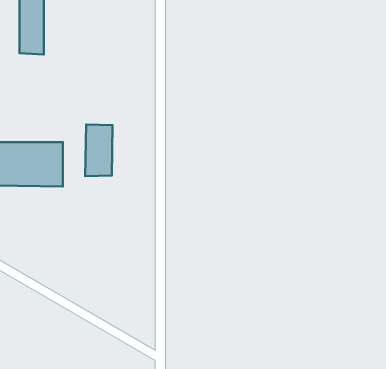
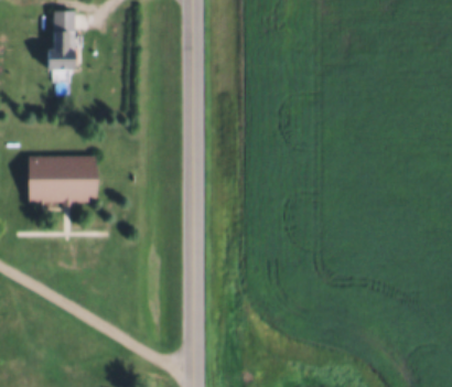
building: [85,125,113,176] -> none

